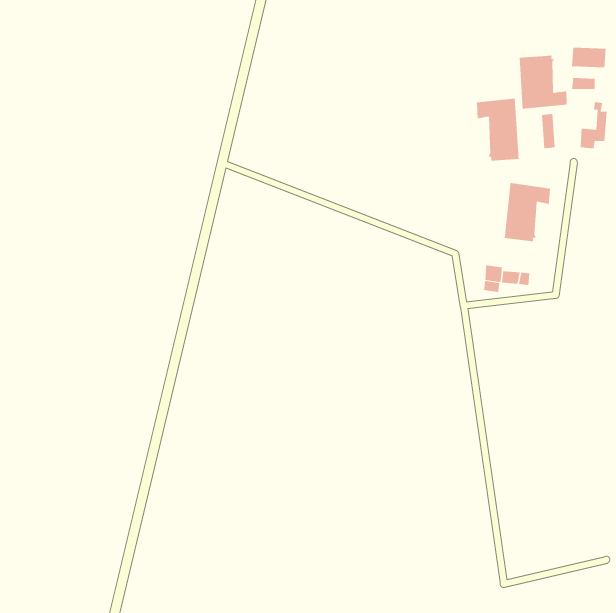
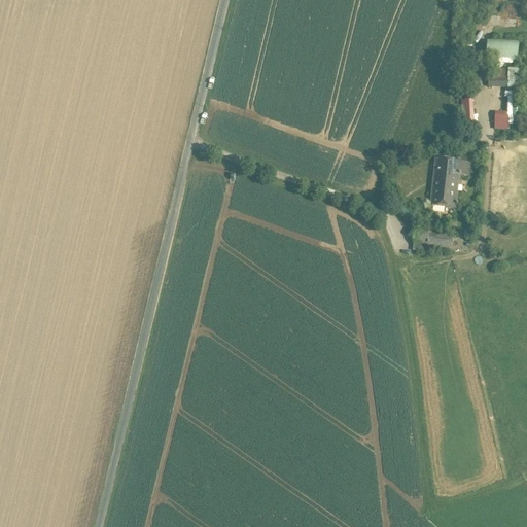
building: [519,55,567,109] -> none
building: [477,98,519,162] -> none

